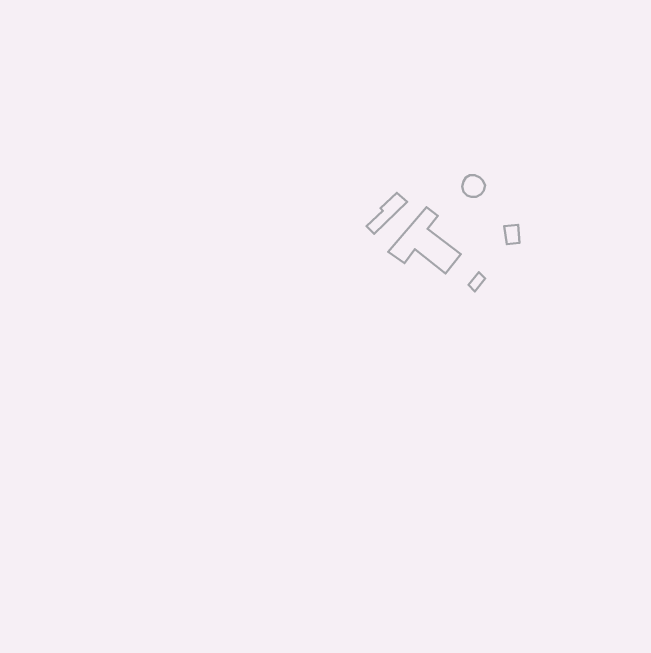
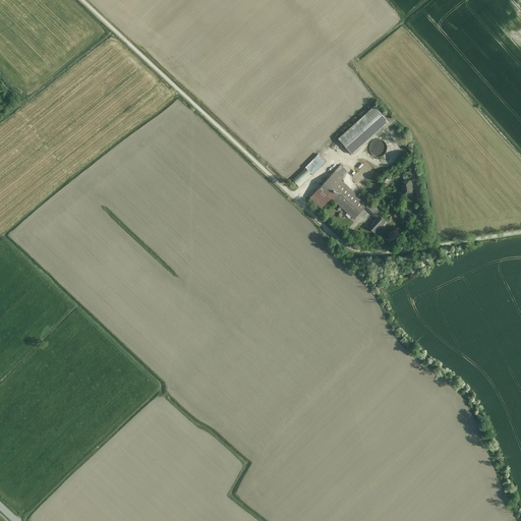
building: none -> [338,106,389,155]

